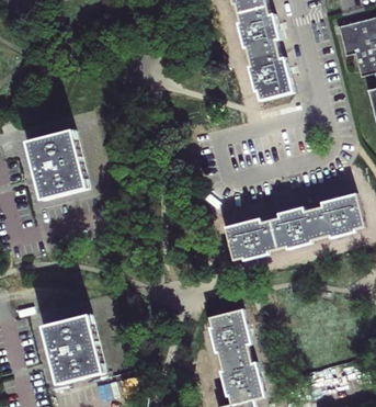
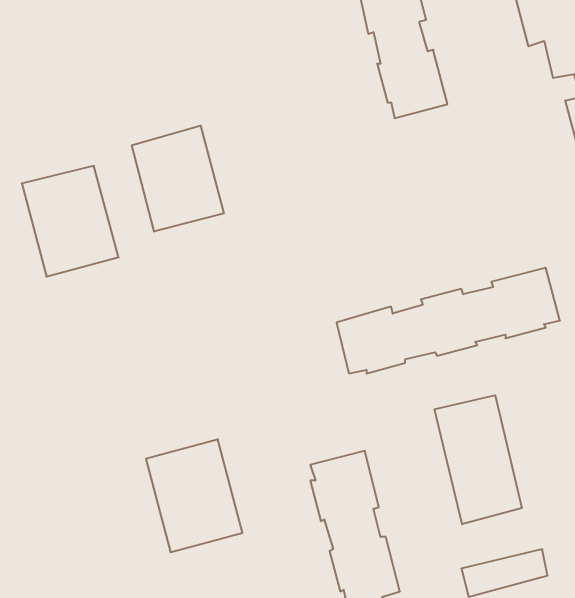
building: none -> [132,126,224,232]
building: none -> [435,395,522,524]
building: [44,314,104,384] -> [146,439,243,552]

